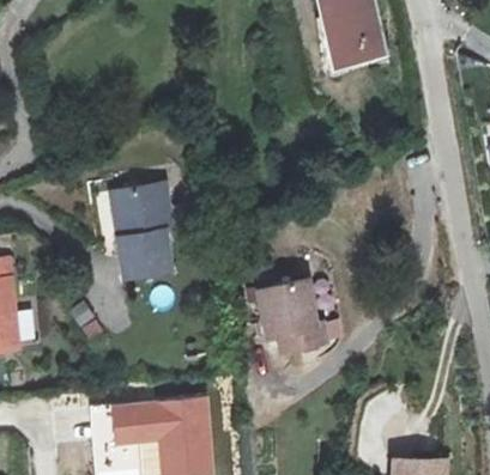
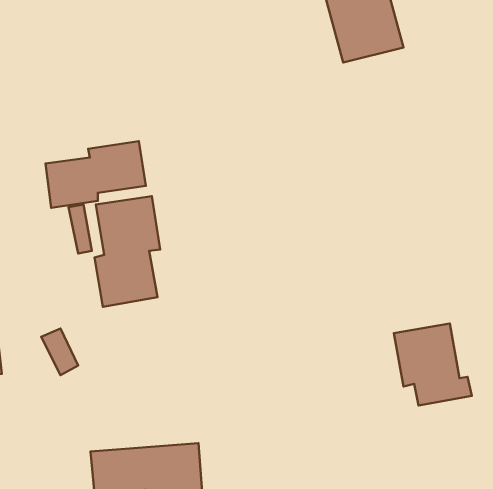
building: none -> [45,141,146,208]
building: [260,281,328,353] -> [394,324,472,406]

